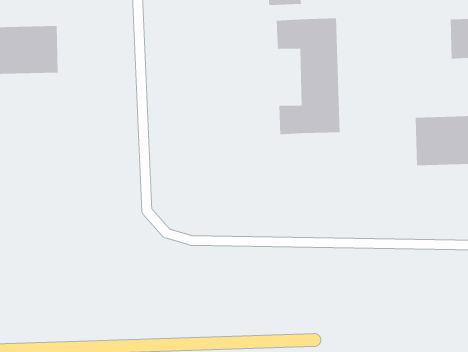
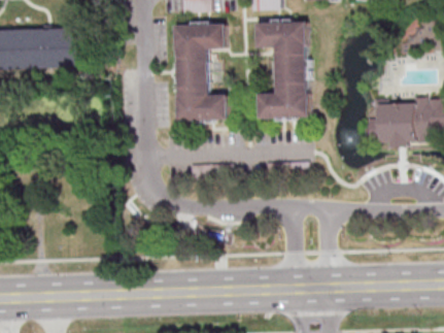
building: none -> [174,24,228,121]

